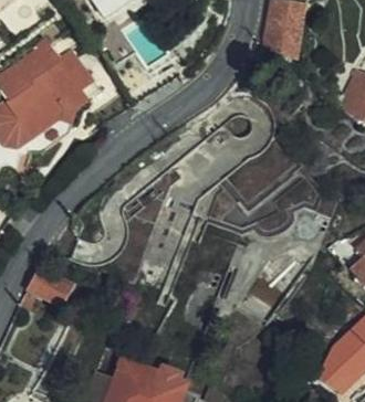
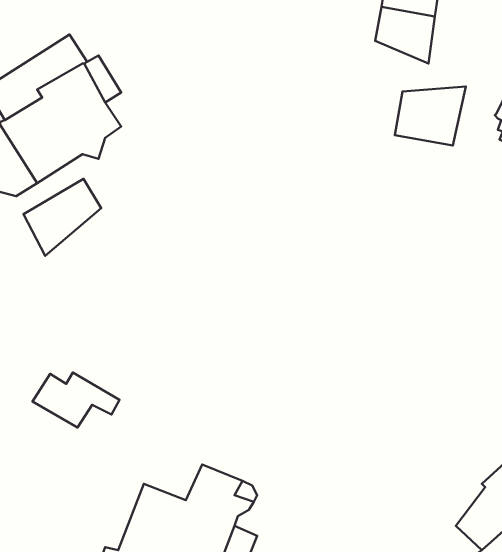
building: none -> [395,87,466,146]
building: none -> [24,179,101,256]

